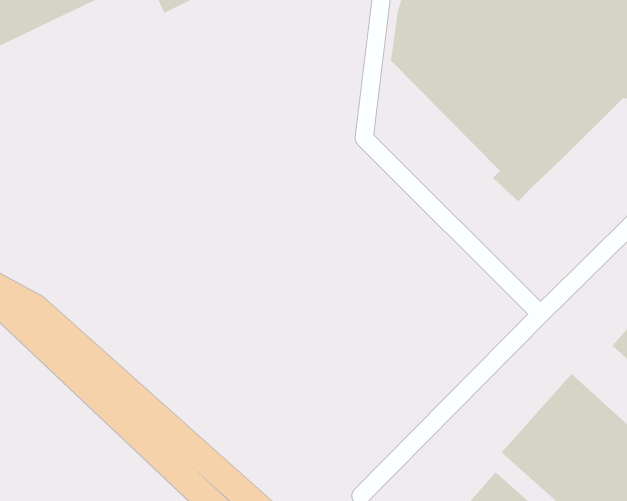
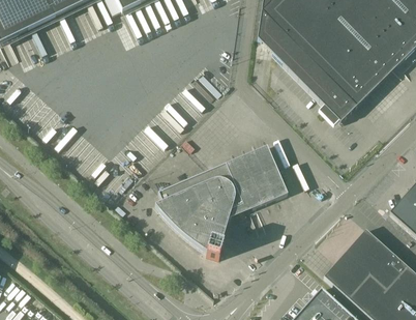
building: none -> [155,145,288,258]

